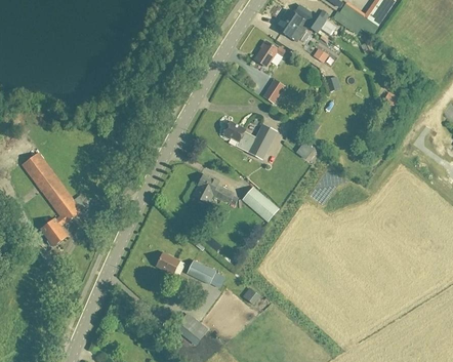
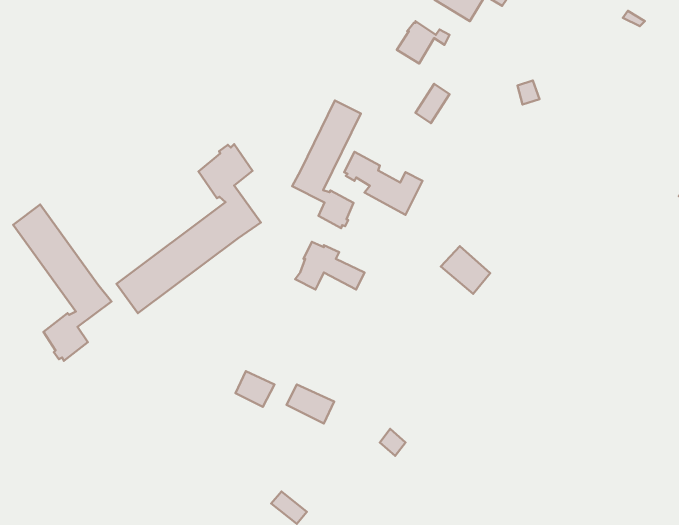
building: none -> [292,100,361,228]
building: none -> [116,144,261,313]
building: [248,192,278,220] -> [441,246,490,294]

